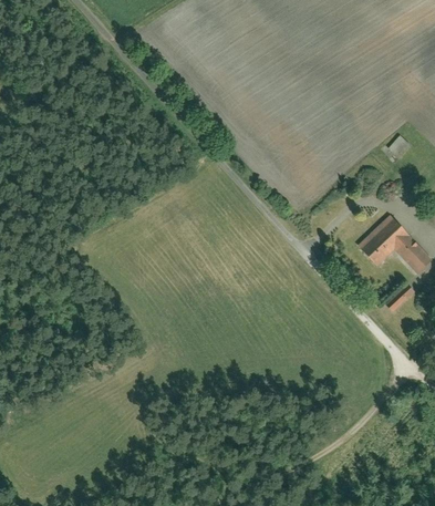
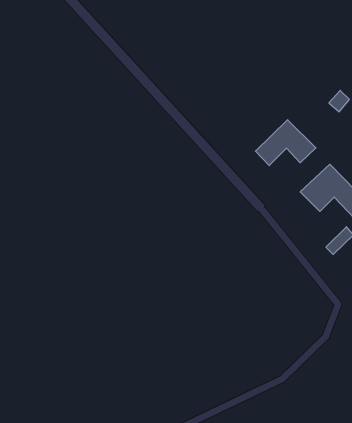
building: none -> [255,120,316,166]

